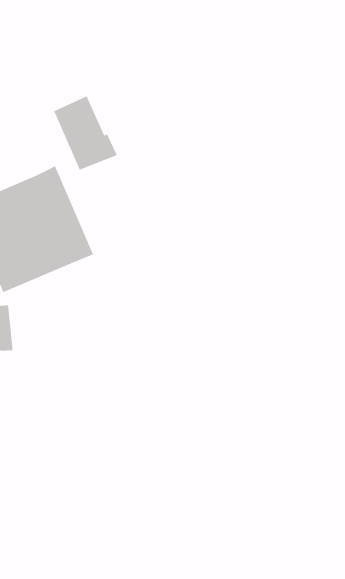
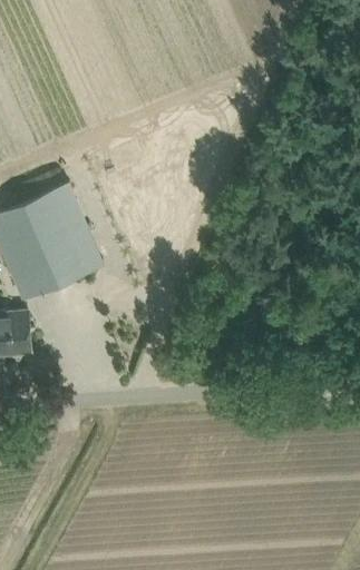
building: [54,96,118,171] -> none

